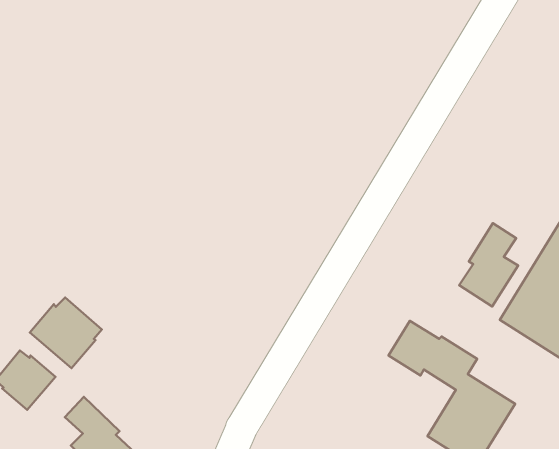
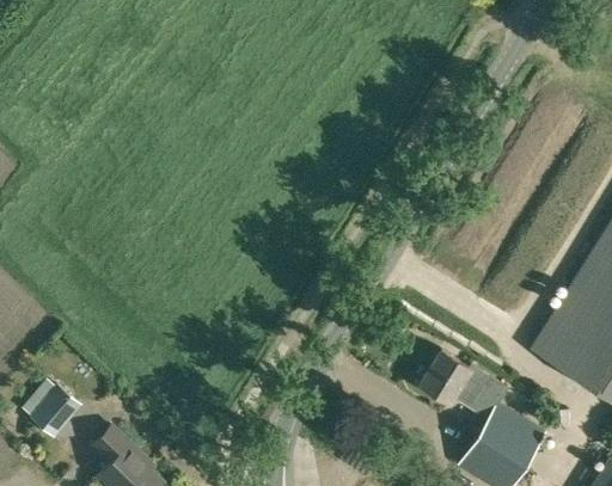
building: [459,223,518,307] -> none
building: [30,297,102,368] -> none

